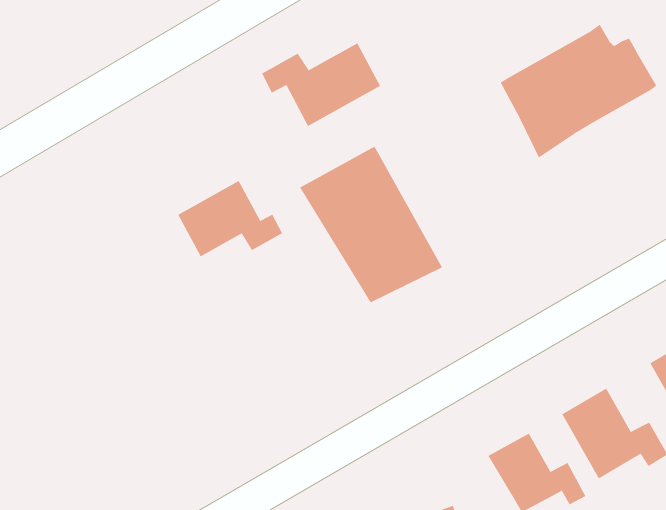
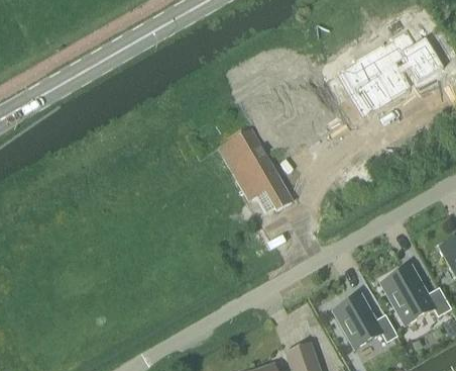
building: [261,42,381,127] -> none
building: [177,180,283,257] -> none

